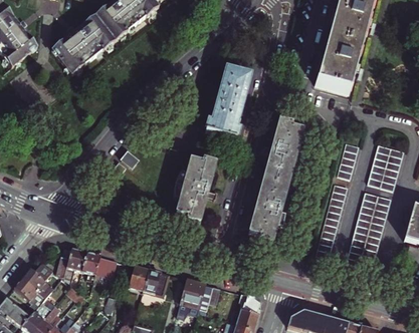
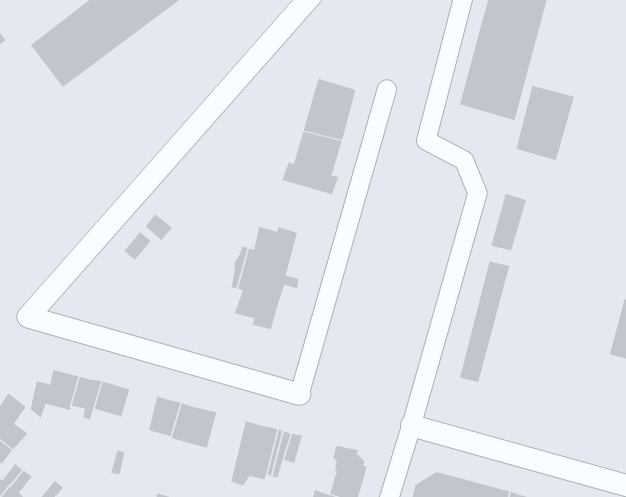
building: [250,121,304,242] -> none
building: [366,140,402,187] -> [515,85,575,161]
building: [346,191,389,267] -> none

